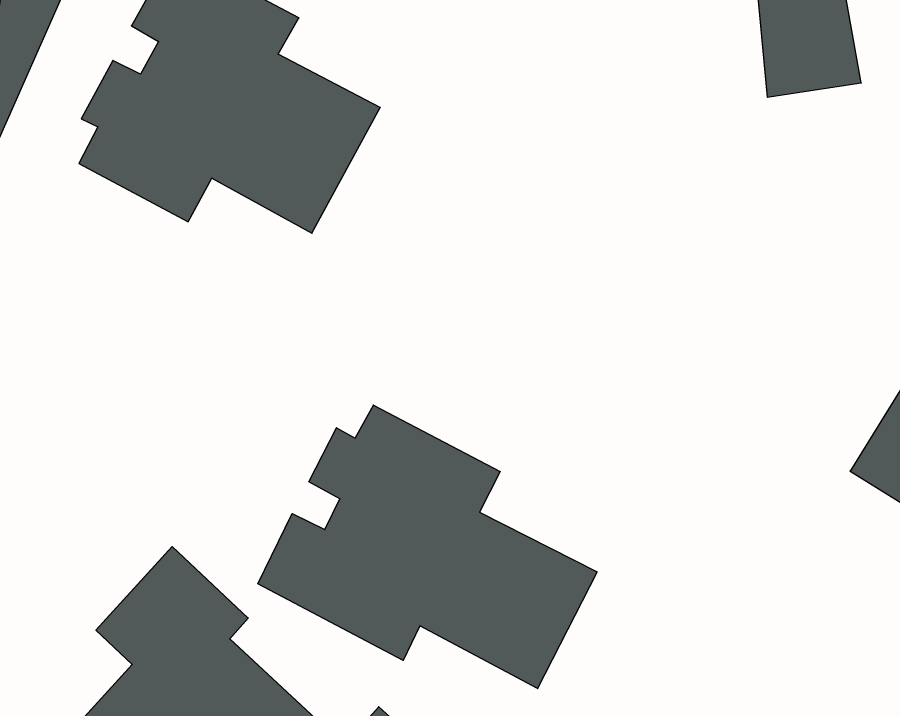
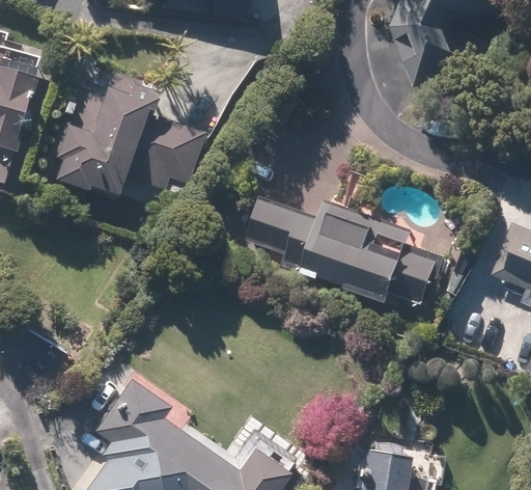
building: none -> [245,197,448,318]
building: [258,405,597,689] -> none

